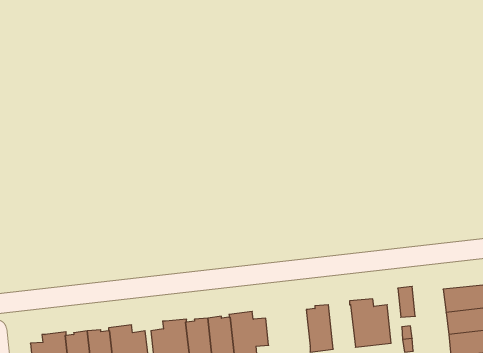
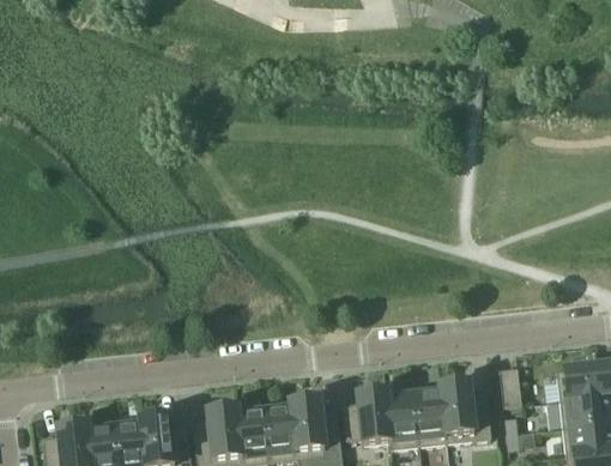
building: none -> [412,387,446,444]
building: none -> [341,391,389,443]

